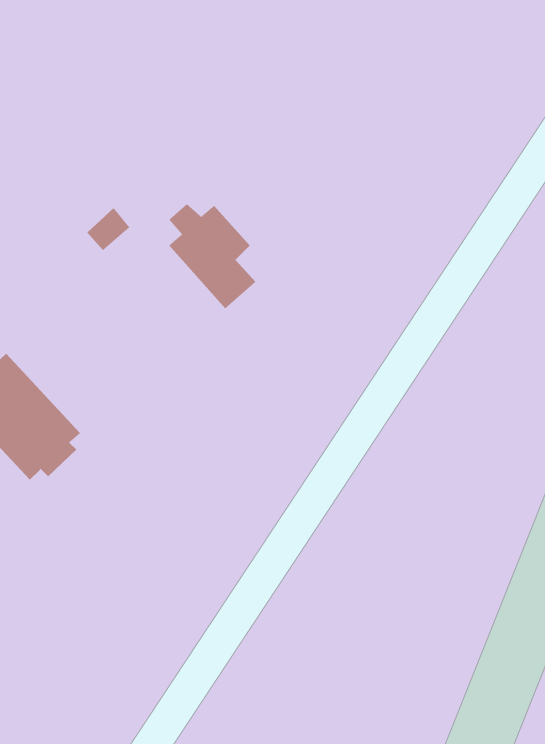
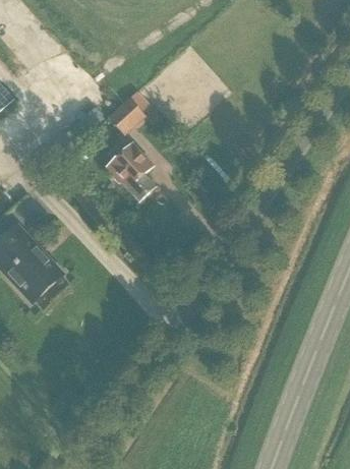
building: none -> [107,96,145,134]

